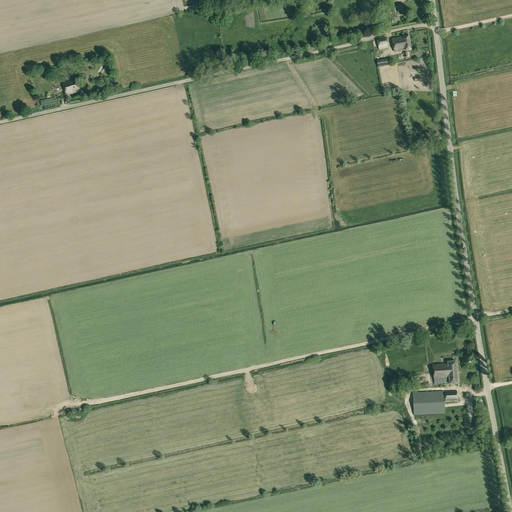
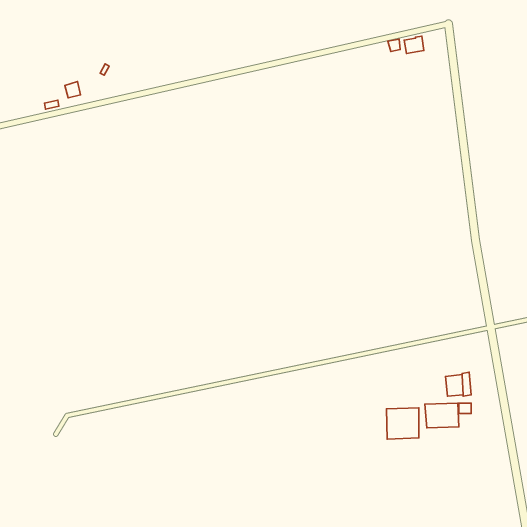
building: none -> [386,408,419,439]

